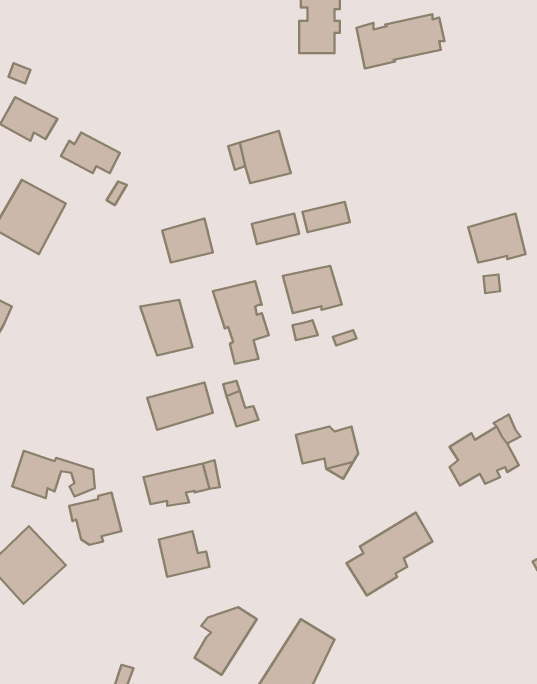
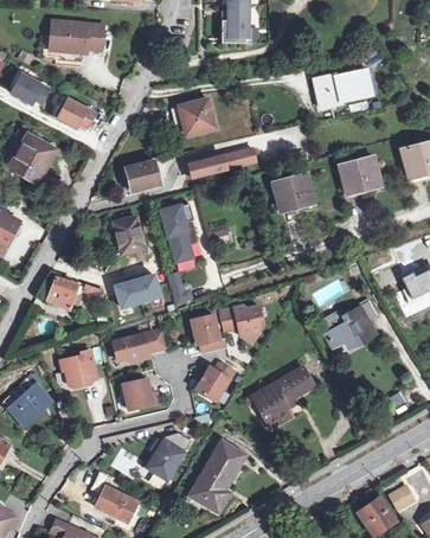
building: [356,14,444,68] -> [314,69,376,107]
building: none -> [52,20,105,52]
building: [283,266,342,313] -> [272,174,314,207]
building: none -> [191,314,226,353]
building: [12,451,95,498] -> [46,276,104,309]
building: none -> [194,361,233,399]

